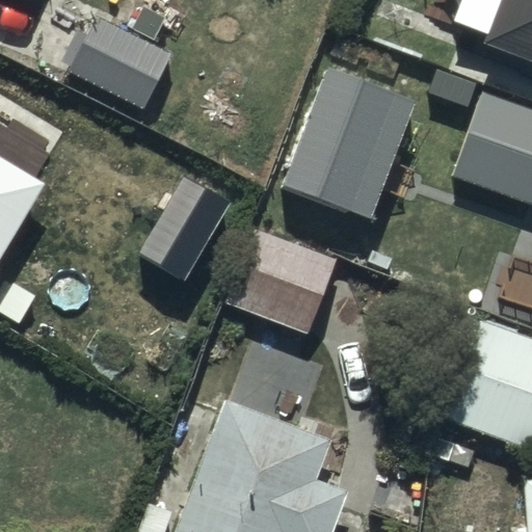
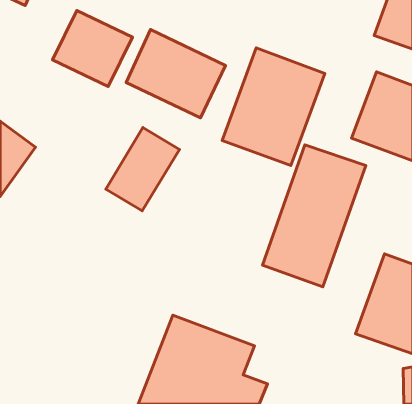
building: none -> [126,30,226,118]
building: none -> [262,145,366,287]
building: [221,235,331,336] -> none

